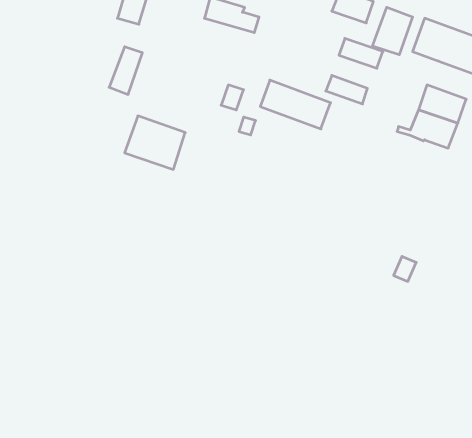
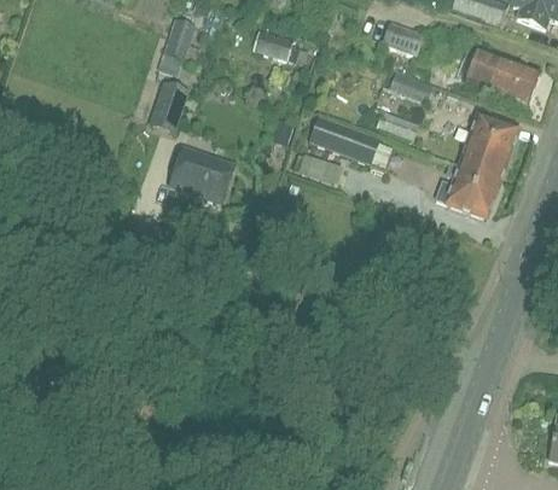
building: [373,7,413,55] -> none
building: none -> [434,164,499,218]

